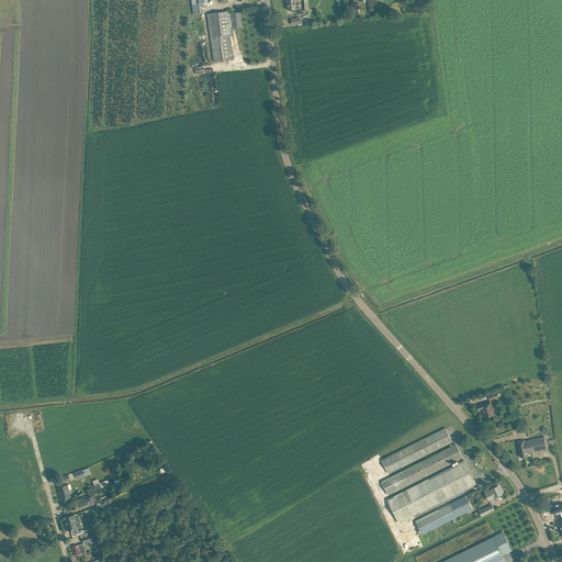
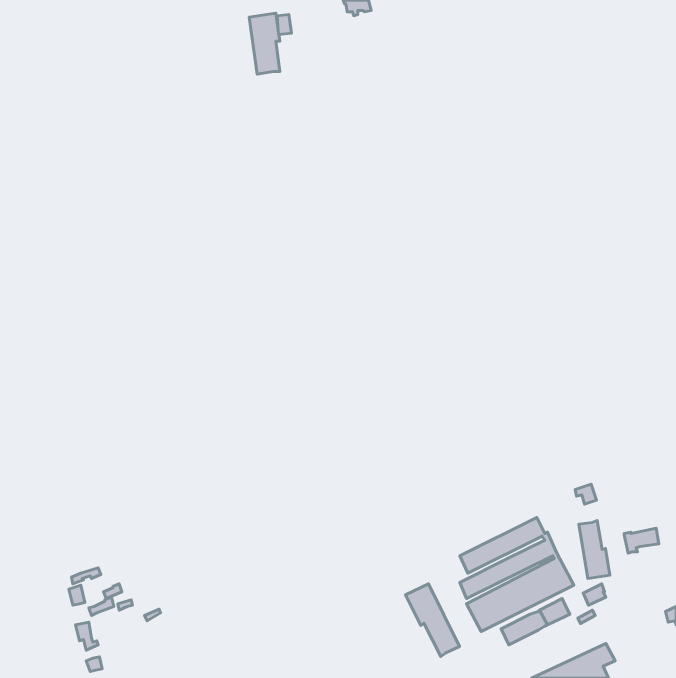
building: none -> [579,521,610,579]
building: none -> [406,584,460,657]

